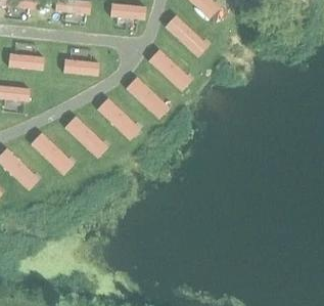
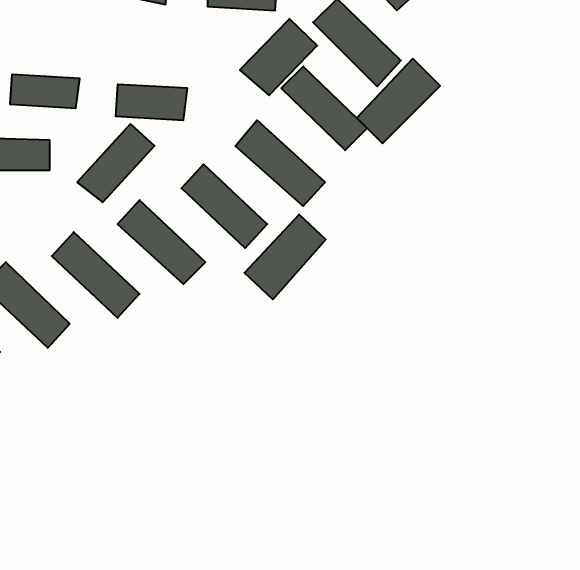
building: none -> [240,19,317,95]
building: none -> [357,59,440,143]
building: none -> [77,124,155,202]
building: none -> [244,214,326,299]

